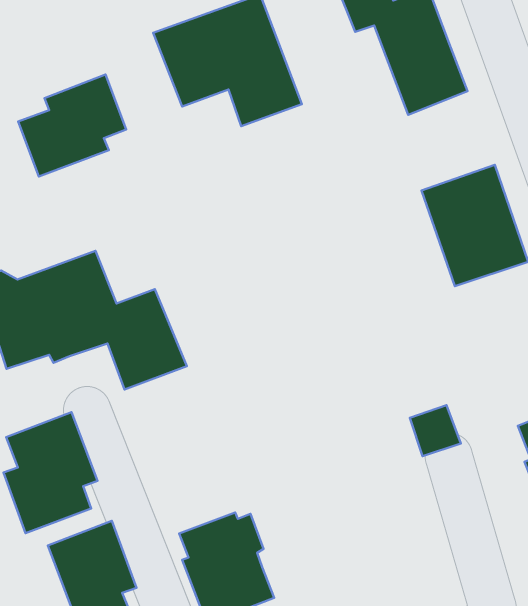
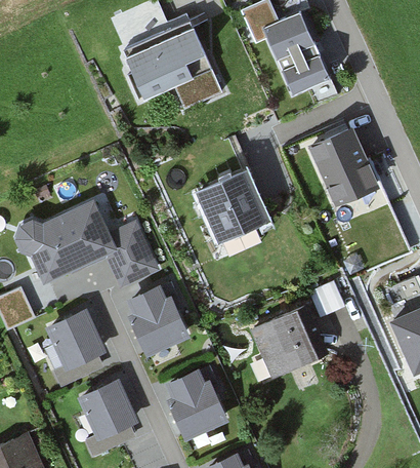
building: [18,75,126,176] -> none
building: none -> [193,166,270,243]
building: none -> [126,283,190,357]
building: none -> [248,304,329,380]

